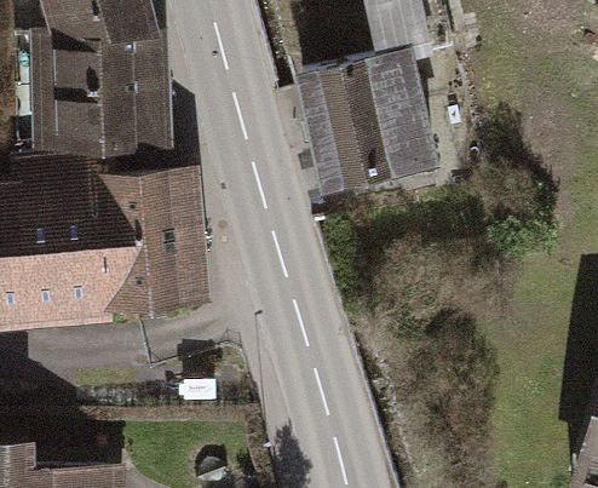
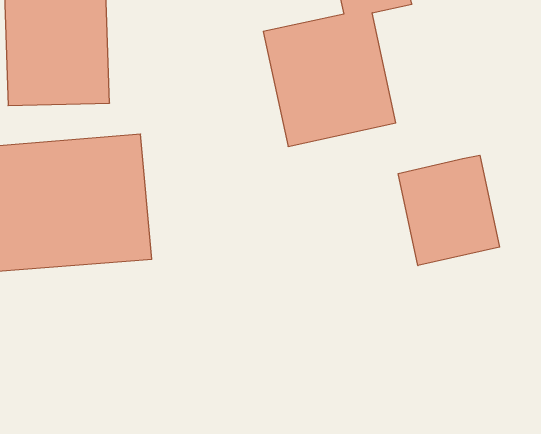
building: none -> [398,155,500,266]

